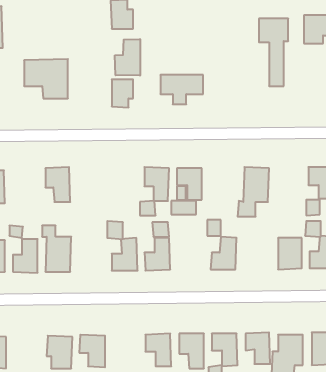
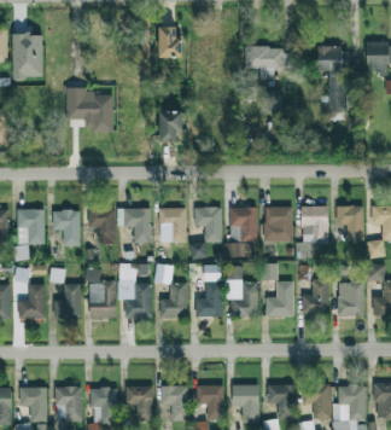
building: [115,39,140,76] -> none
building: [160,75,203,104] -> [245,47,291,79]
building: none -> [263,205,292,240]
building: none -> [334,205,363,239]
building: none -> [158,207,186,242]
building: none -> [117,208,151,243]
building: none -> [52,210,80,245]
building: none -> [117,263,151,318]
building: none -> [224,265,257,315]
building: none -> [300,279,328,315]
building: none -> [161,385,188,419]
building: none -> [54,387,82,419]

